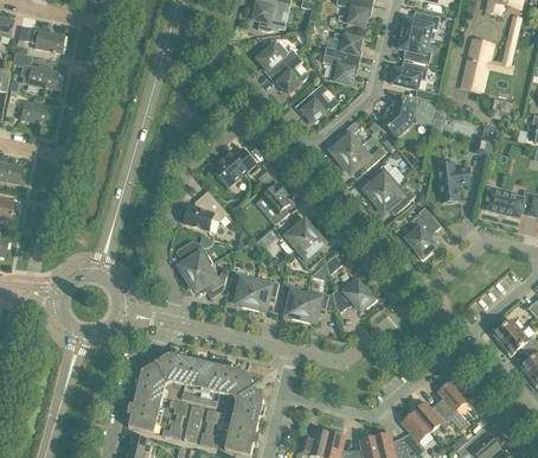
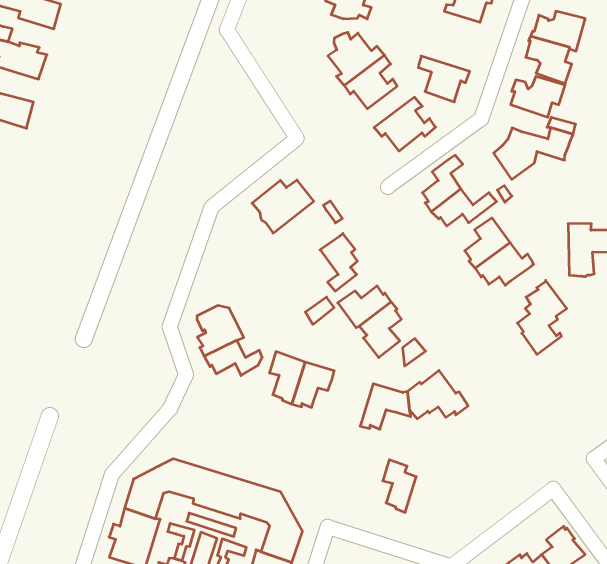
building: [324,32,360,62] -> none
building: [184,191,236,230] -> none
building: [282,284,306,320] -> [383,460,416,512]

